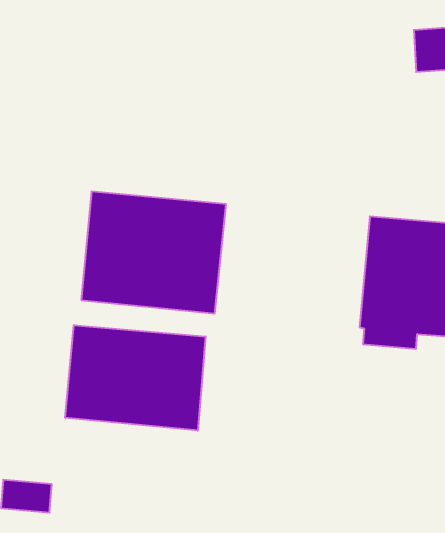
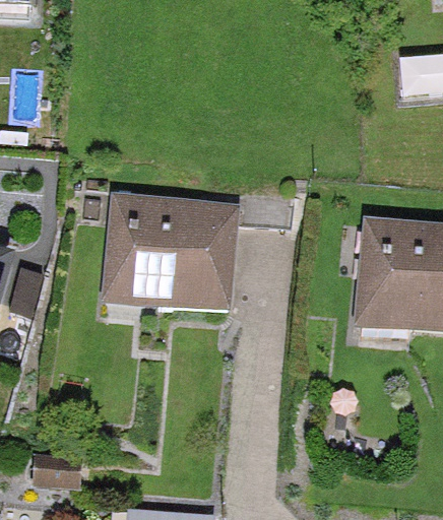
building: [65,325,206,431] -> none

